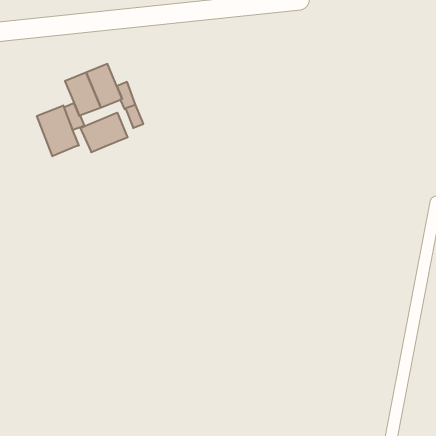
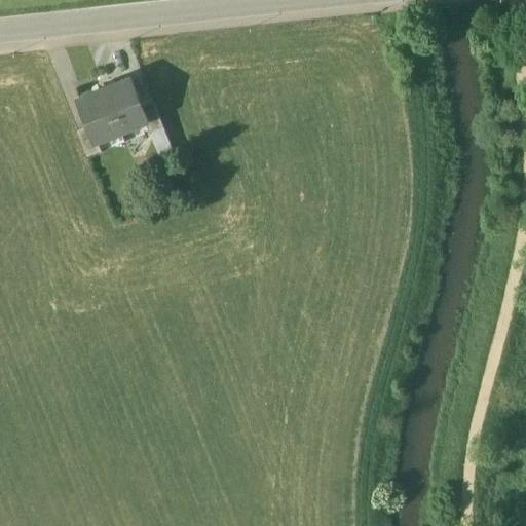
building: [37,105,79,156] -> none
building: [81,113,128,152] -> none

